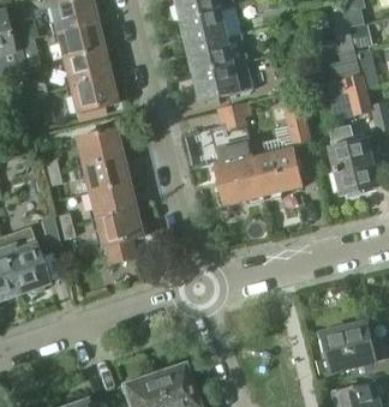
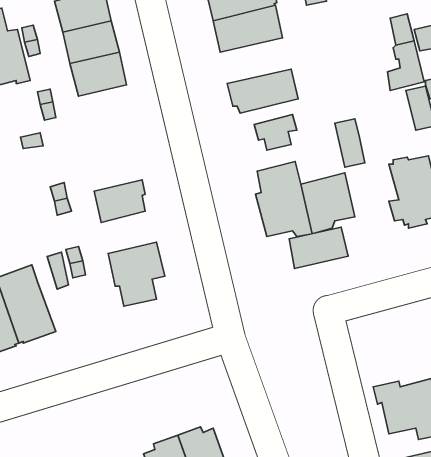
building: [188,35,249,73] -> none
building: [68,74,116,113] -> none
building: [76,128,122,164] -> none
building: [88,181,134,217] -> none
building: none -> [289,227,348,269]

